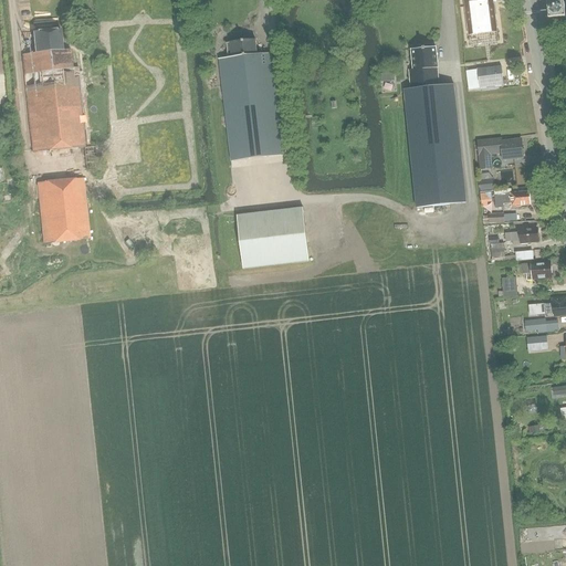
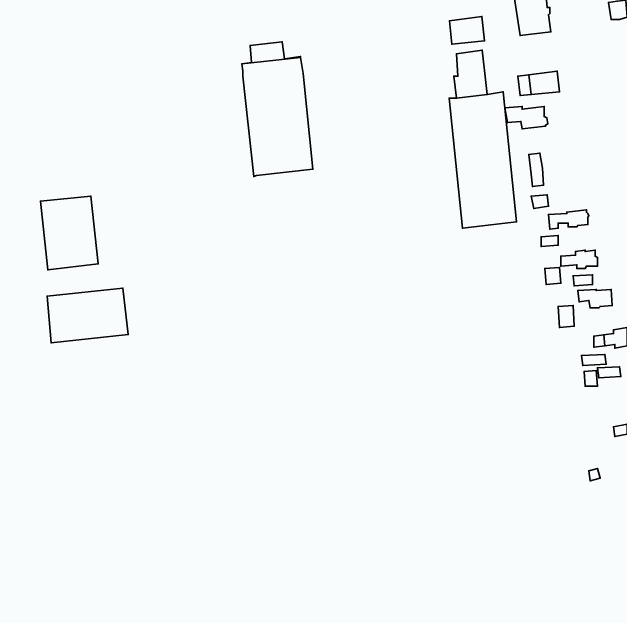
building: none -> [449,16,484,44]
building: [21,28,97,167] -> none
building: [486,137,525,157] -> [505,107,548,129]
building: [238,207,308,265] -> none
building: none -> [47,288,128,343]

